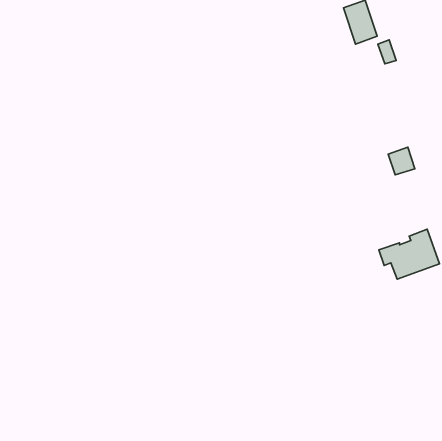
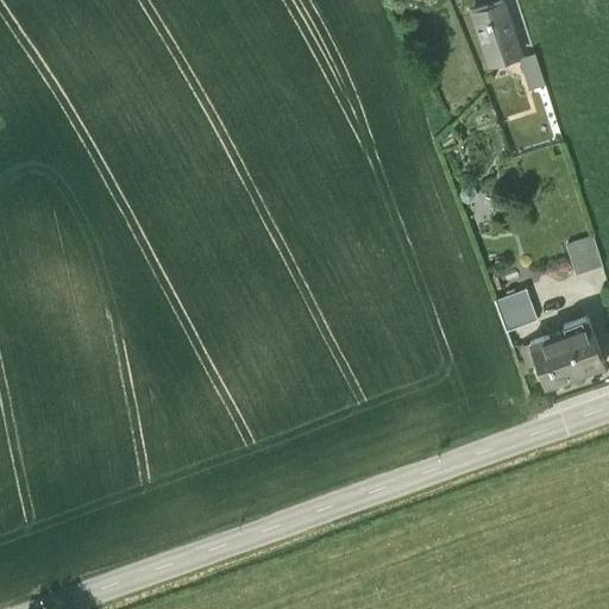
building: [388,147,415,175] -> [566,237,603,275]
building: none -> [494,289,538,332]

